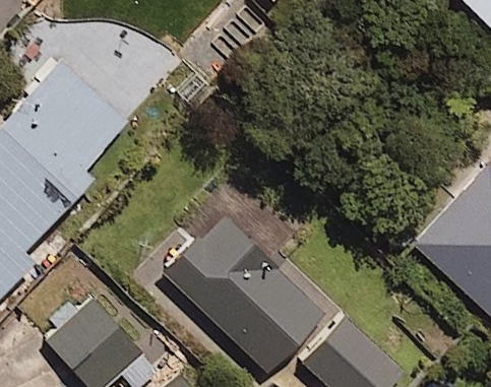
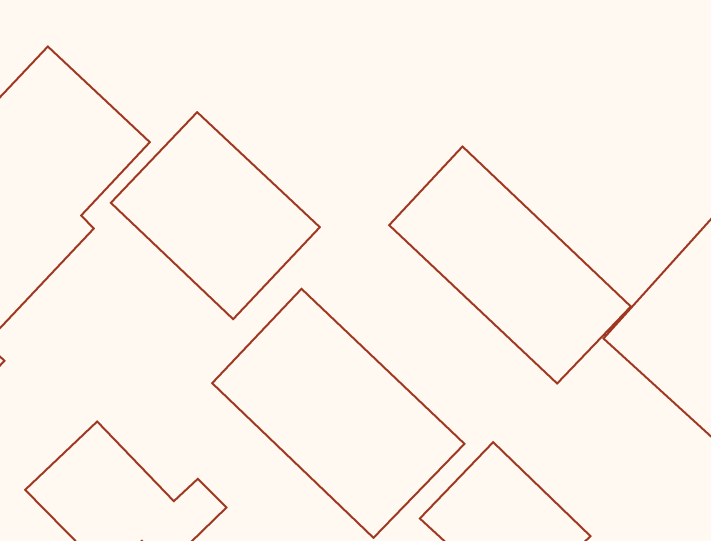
building: none -> [111,112,320,319]
building: none -> [389,146,631,384]

